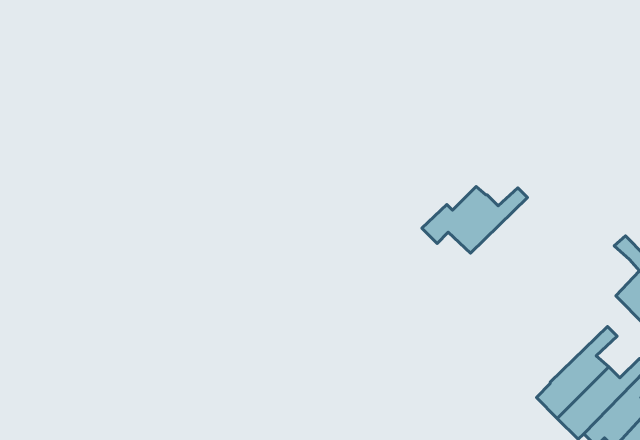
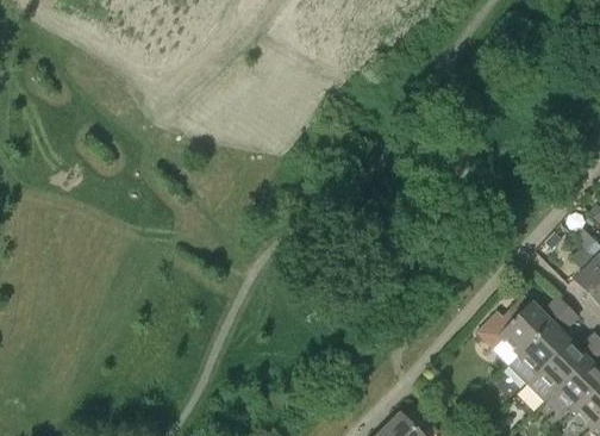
building: [422,186,528,253] -> [477,298,568,355]

